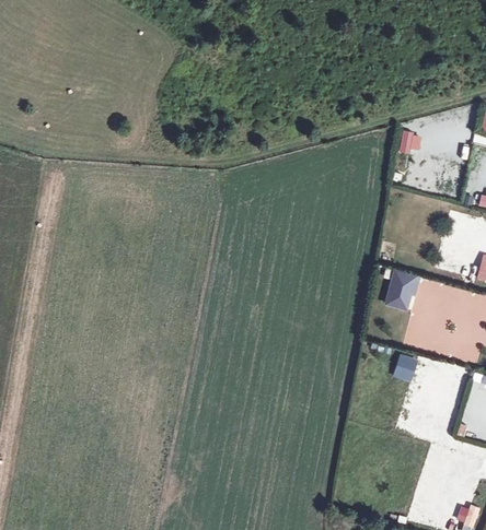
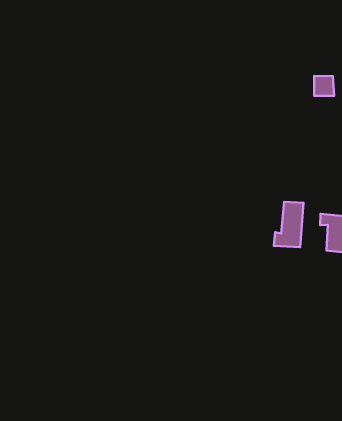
building: none -> [274,202,304,247]

